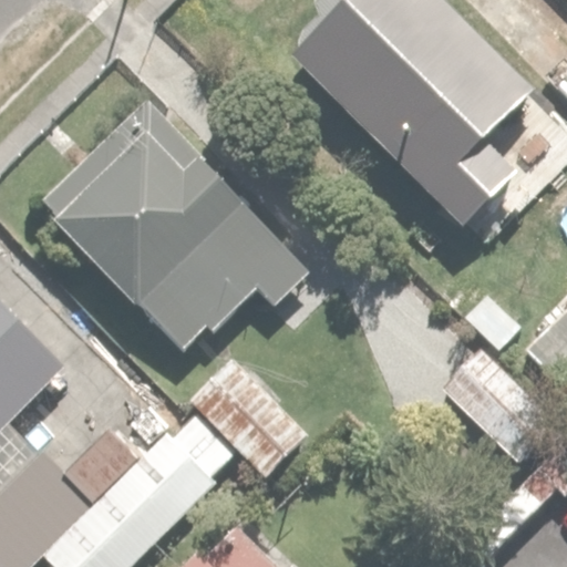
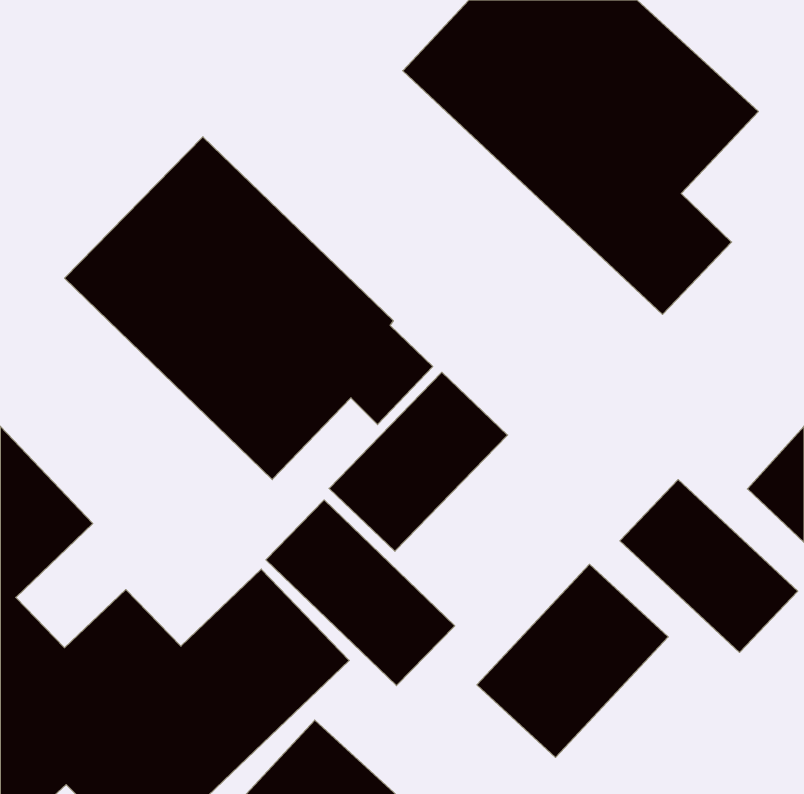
building: none -> [329,372,508,551]
building: none -> [477,564,668,757]

